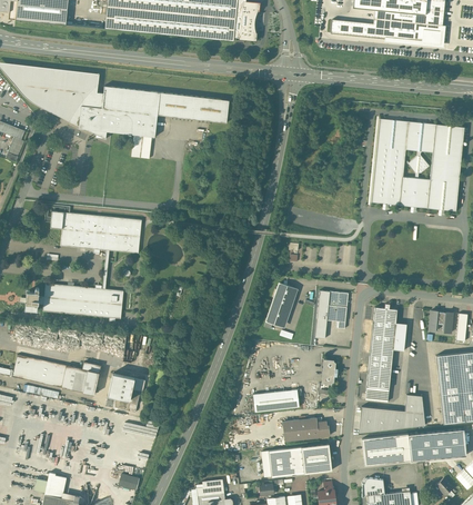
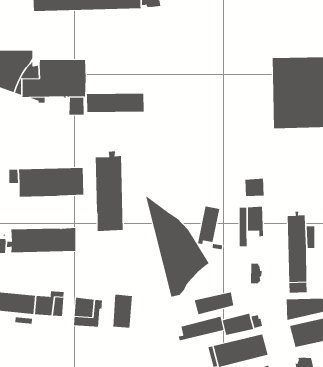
building: [158,92,229,122] -> [86,93,145,113]
building: none -> [95,151,123,232]
building: none -> [245,178,264,197]
building: none -> [145,194,210,298]
building: none -> [113,294,132,329]
building: none -> [178,316,224,341]

